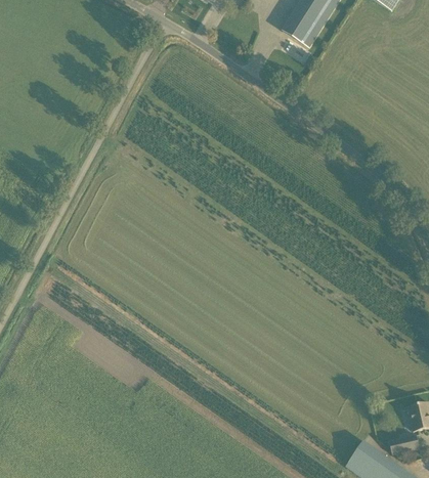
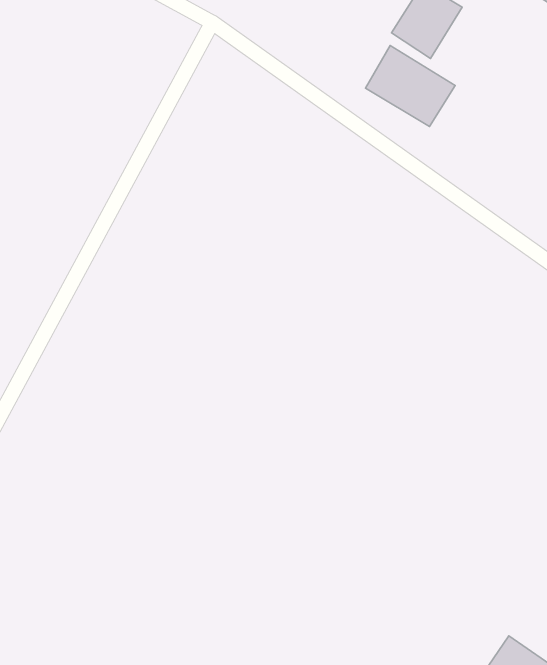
building: none -> [366,45,455,127]

